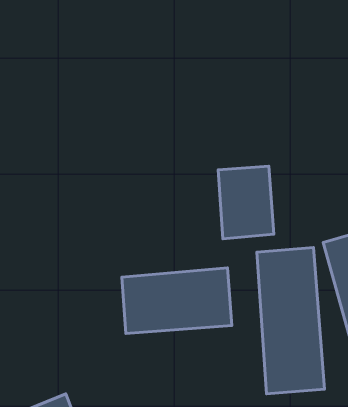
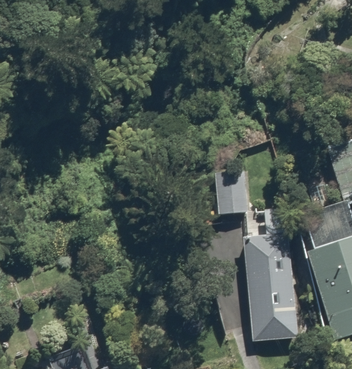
building: [122,268,232,334] -> none

